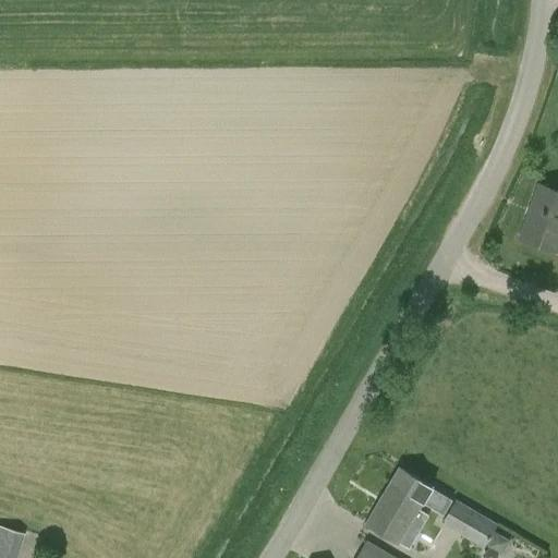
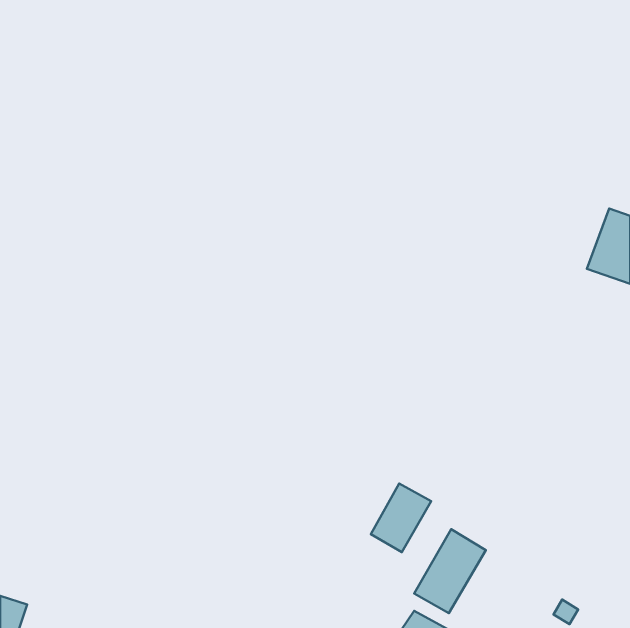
building: none -> [371,484,431,552]
building: [441,501,497,549] -> none

